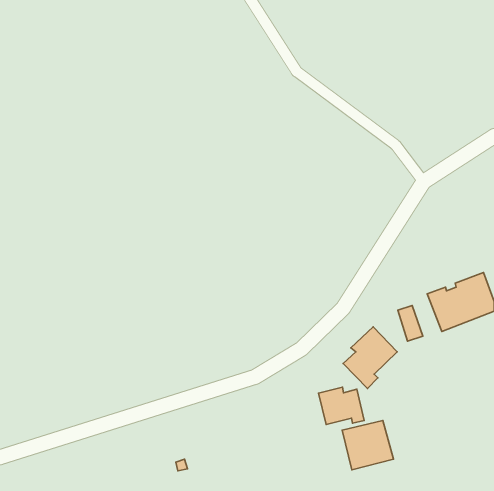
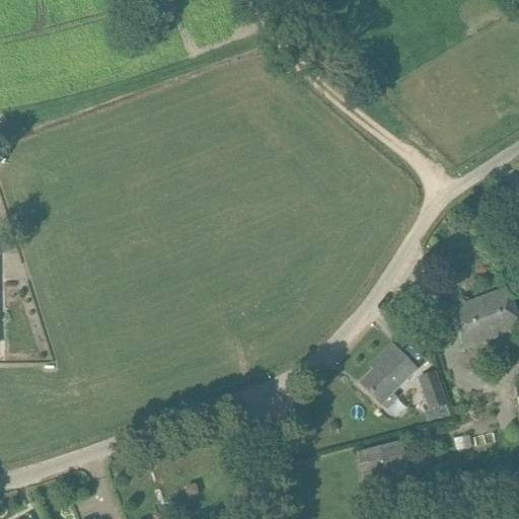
building: [398,305,423,341] -> [420,370,446,407]
building: [319,387,364,424] -> none

